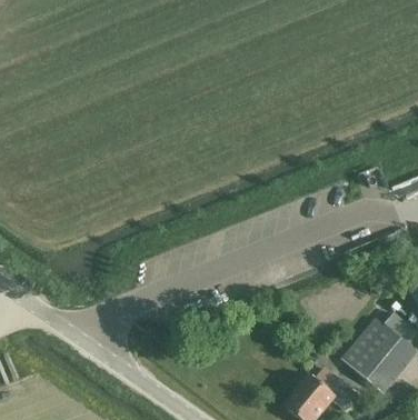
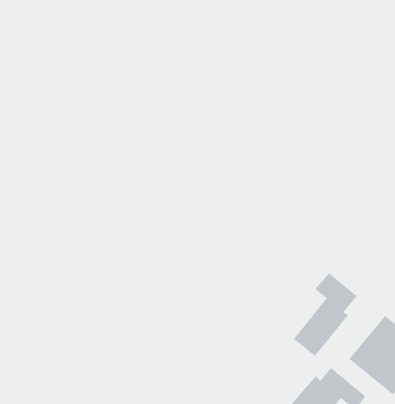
building: none -> [293,273,358,357]

